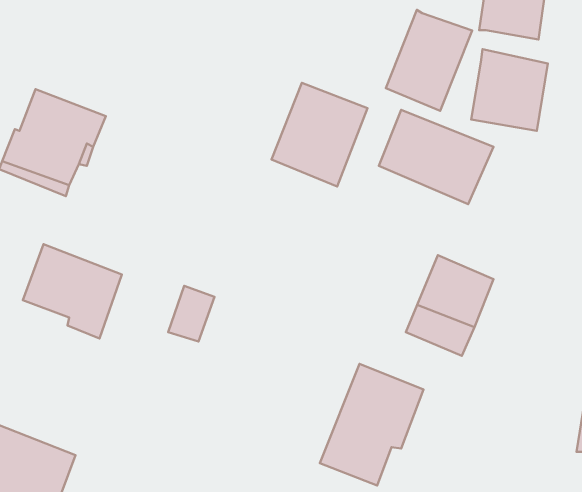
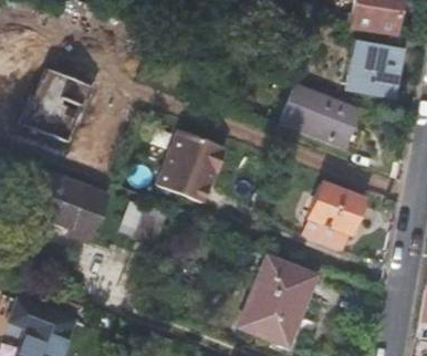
building: [386,10,472,111] -> none
building: [272,83,367,187] -> [158,132,225,203]

